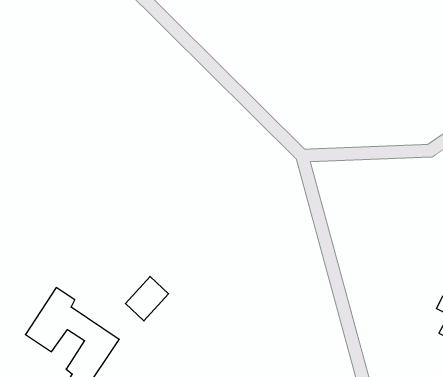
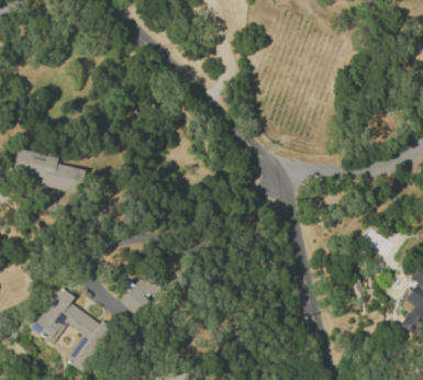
building: none -> [13,148,84,193]

